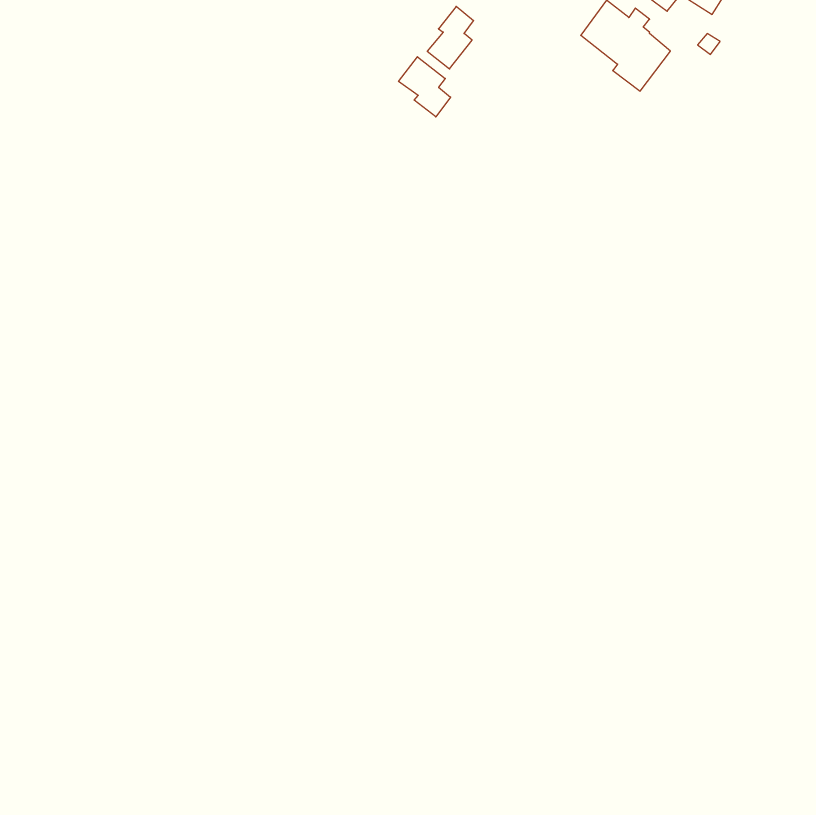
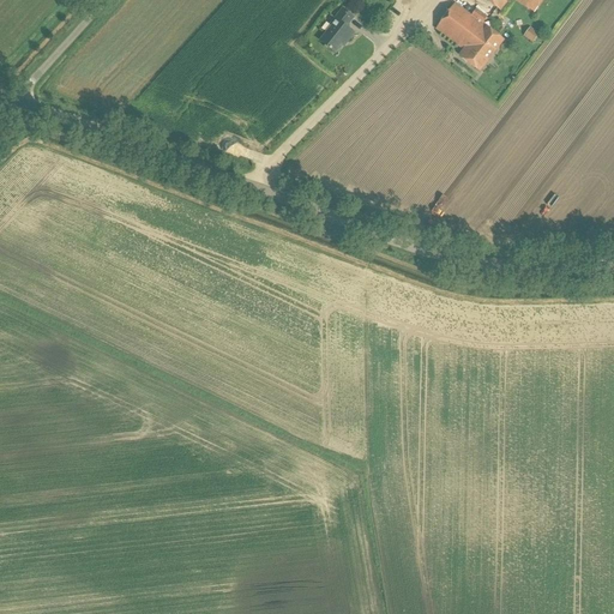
building: [399,57,451,117] -> none

